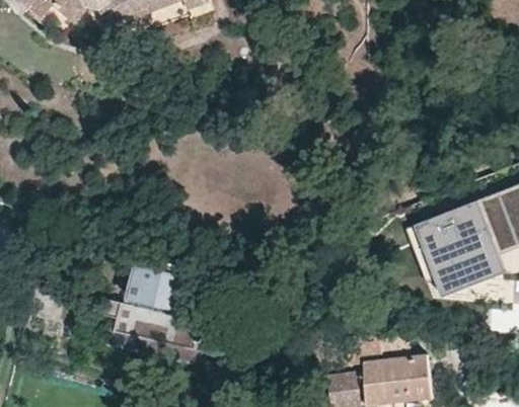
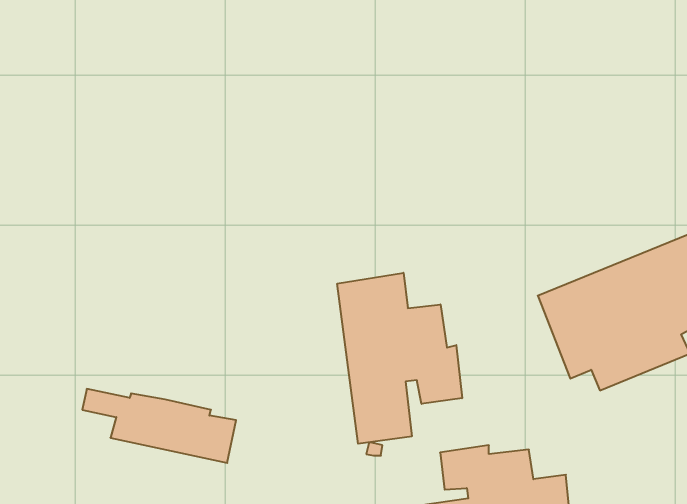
building: none -> [337,273,462,444]
building: [127,263,192,310] -> none

